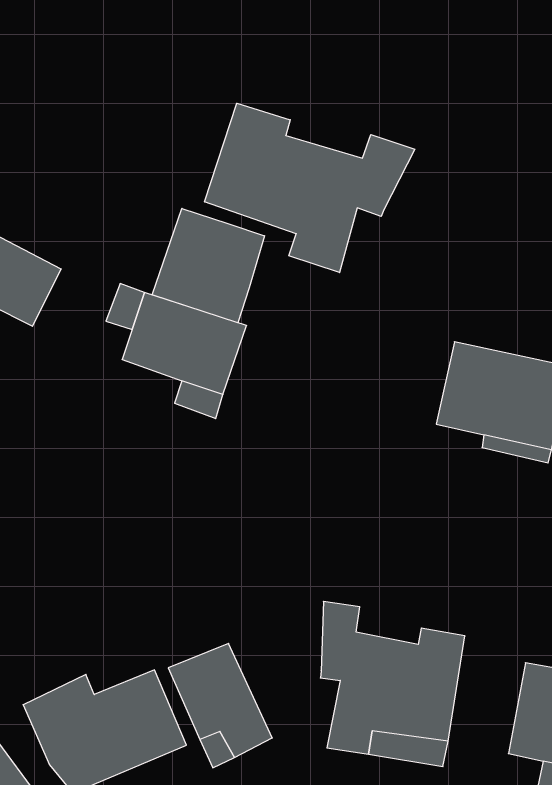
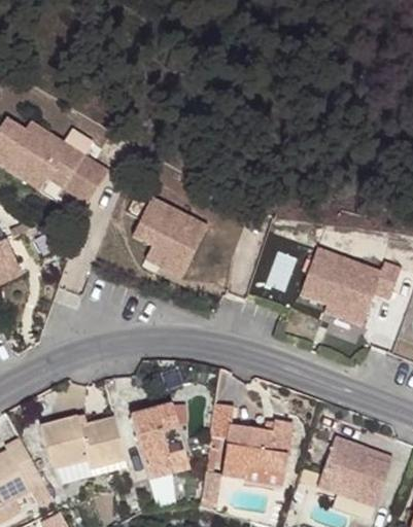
building: [205,103,415,273] -> none
building: [152,208,265,323] -> none

